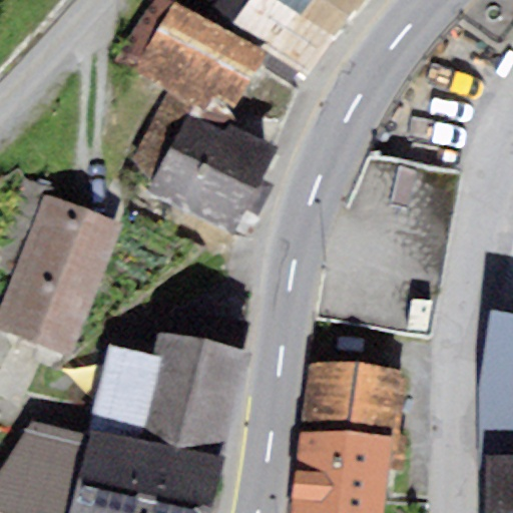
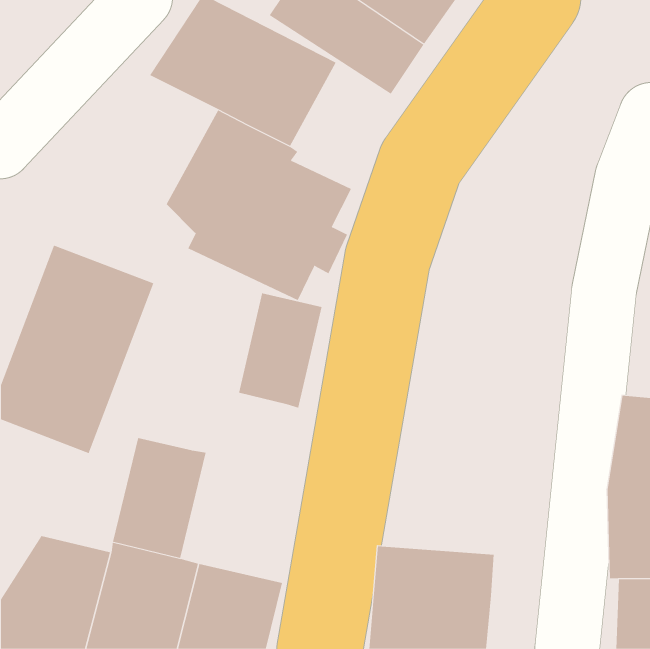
building: none -> [239,292,322,408]
building: [143,331,248,458] -> none
building: [298,360,407,469] -> none

